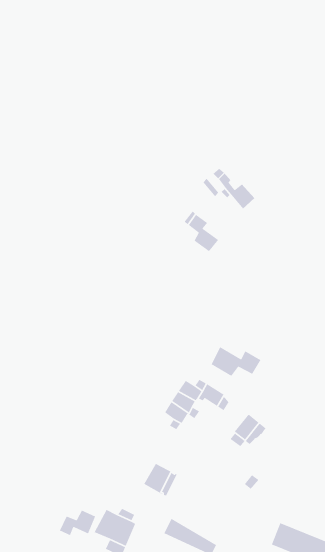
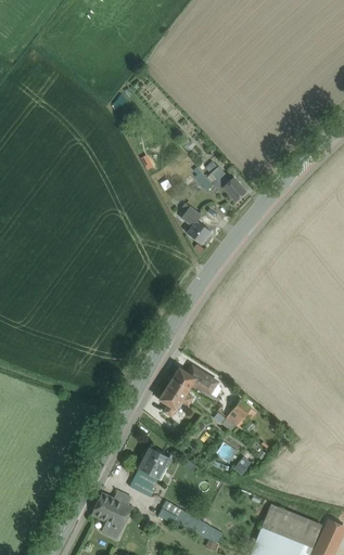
building: [211,346,262,377] -> none
building: none -> [130,468,156,498]
building: [59,509,96,536] -> none

